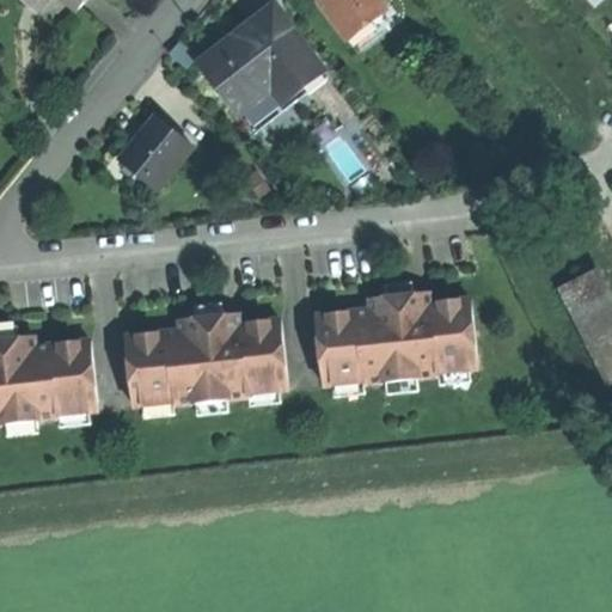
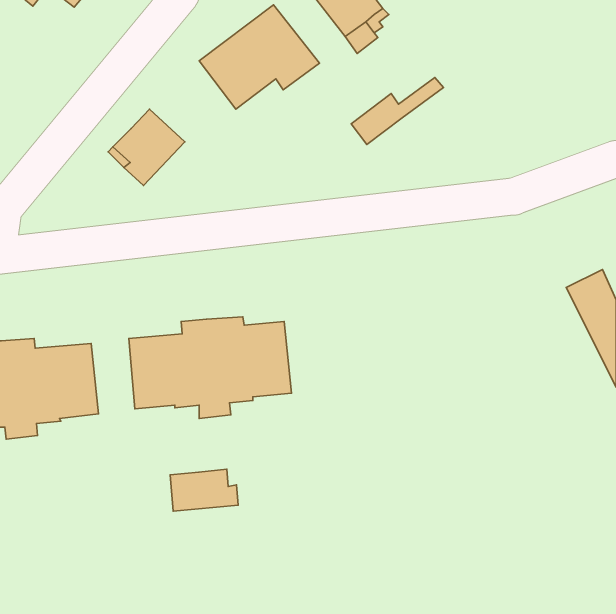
building: [232,62,323,128] -> [351,78,443,144]
building: [316,290,477,391] -> none
building: none -> [170,469,238,511]

